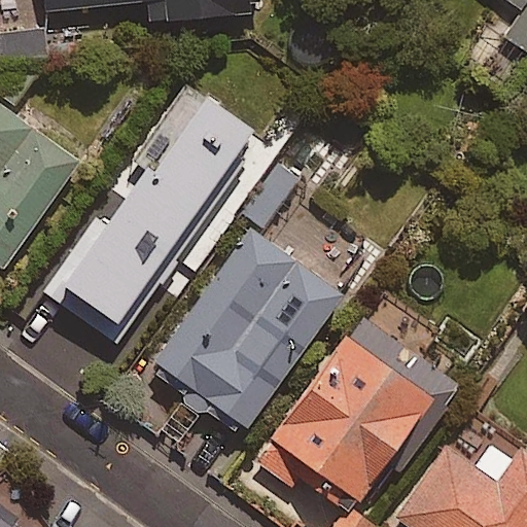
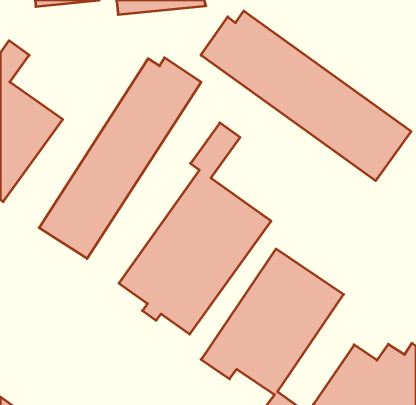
building: none -> [201,11,411,181]

